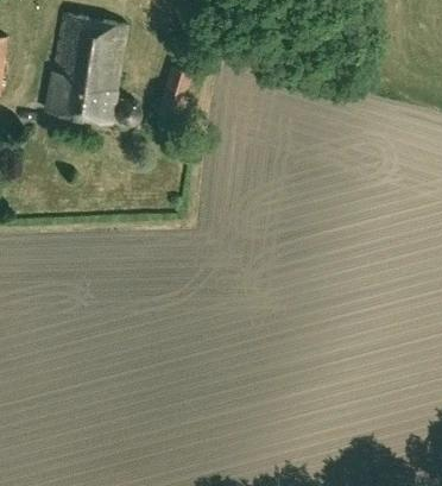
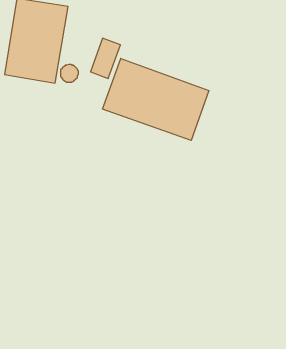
building: none -> [102,58,209,140]

